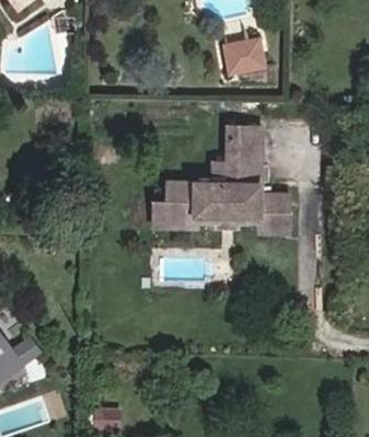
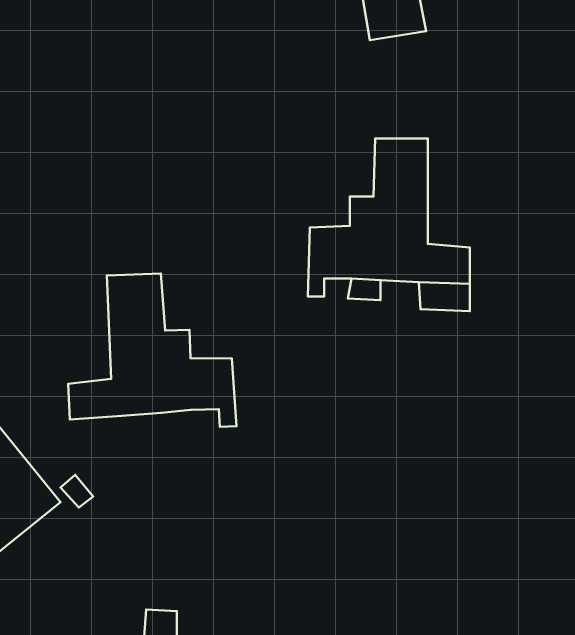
building: [154,182,192,225] -> none
building: none -> [68,274,236,427]

